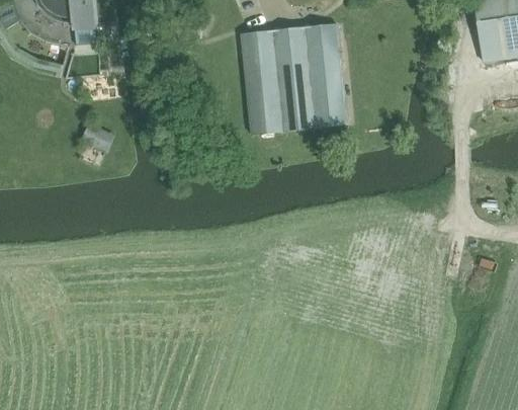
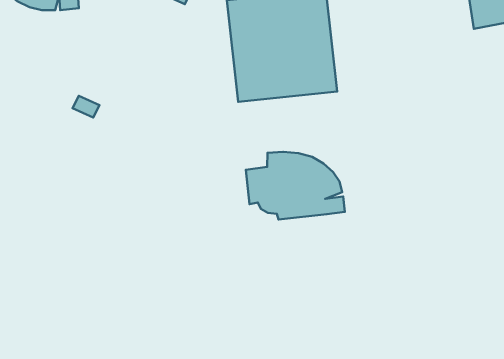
building: none -> [246,152,345,220]

